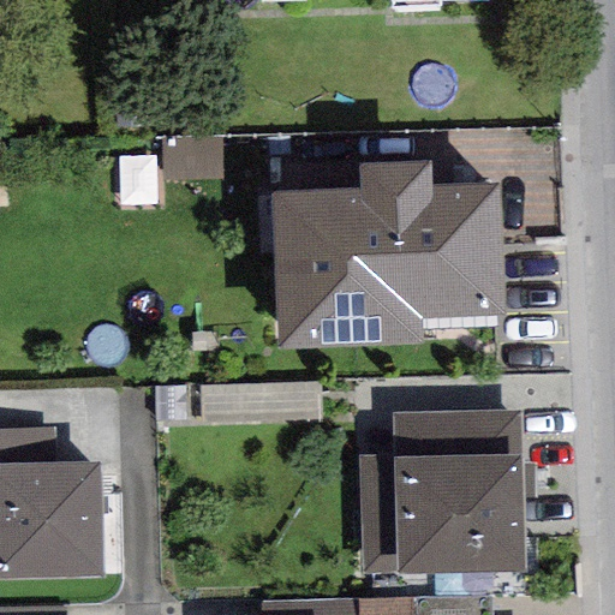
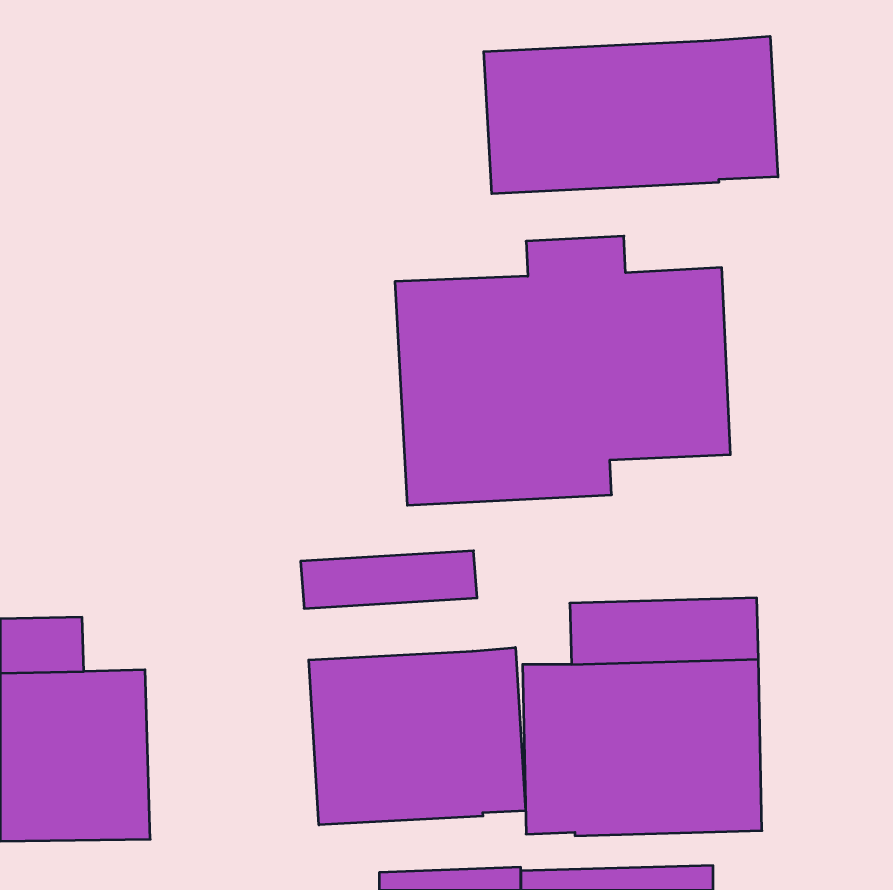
building: none -> [484,36,778,194]
building: none -> [309,647,526,825]

